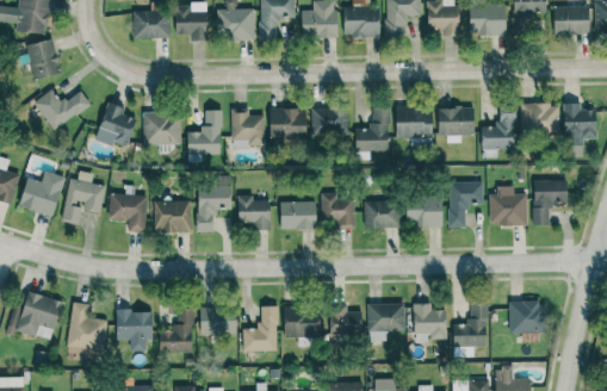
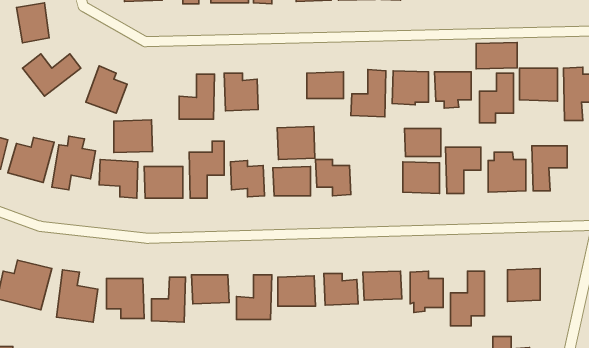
building: none -> [476,42,517,69]
building: [270,107,306,139] -> [277,127,315,159]
building: [143,112,181,144] -> [114,120,153,153]
building: [364,200,399,228] -> [404,129,441,156]

